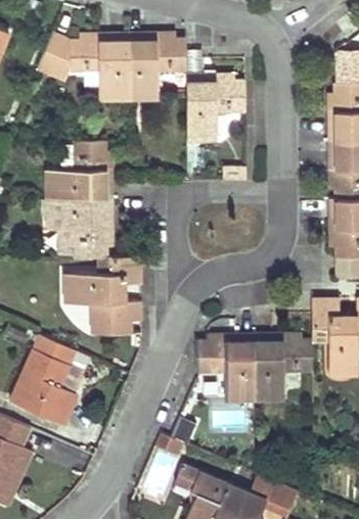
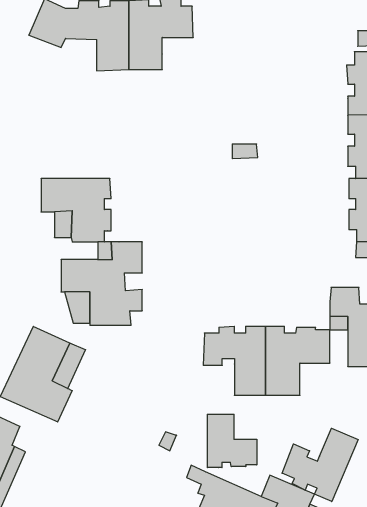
building: [187,78,244,142] -> none
building: [46,142,110,200] -> none
building: none -> [207,414,257,468]
building: none -> [282,428,358,502]

